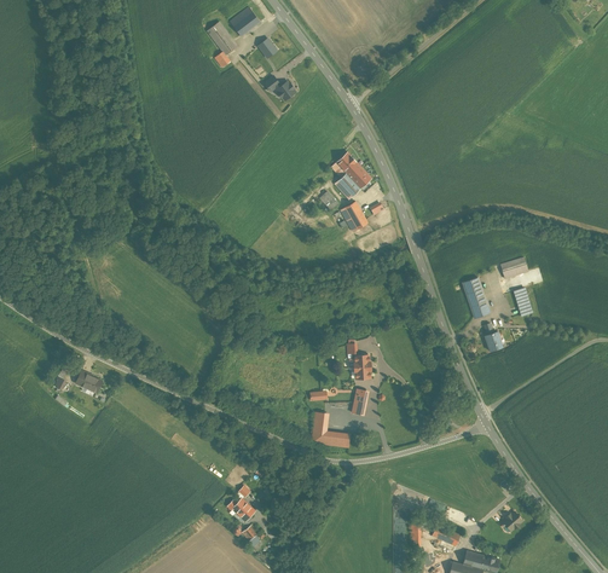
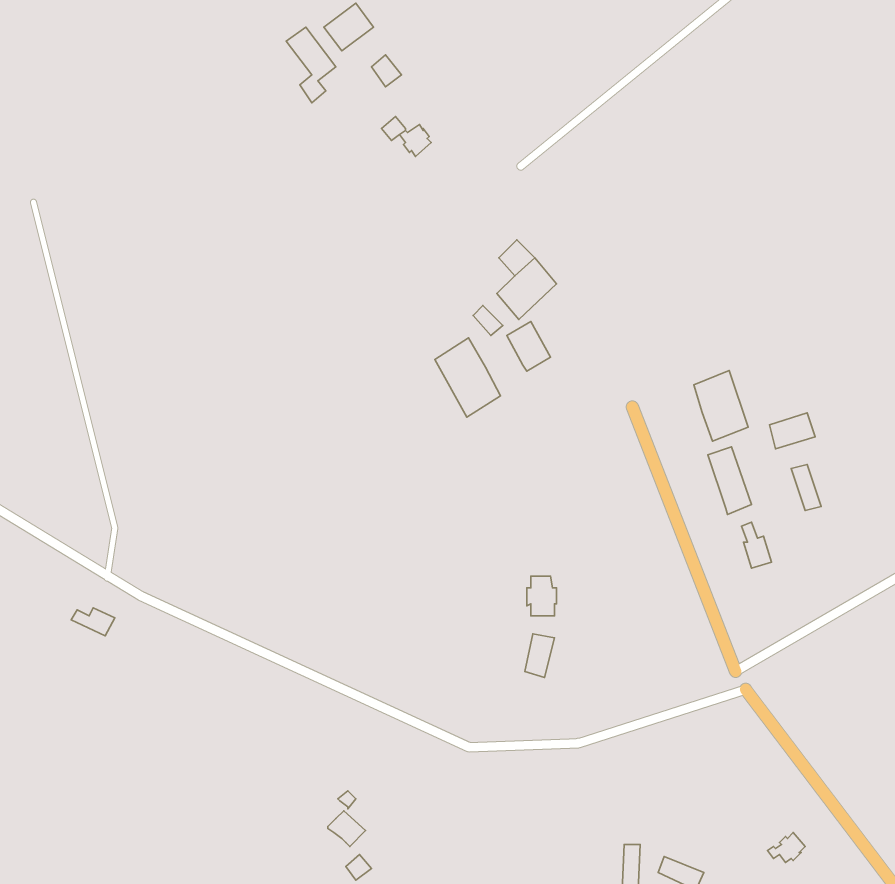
building: none -> [435,338,500,417]
building: none -> [694,371,748,441]
building: [311,412,348,447] -> none

